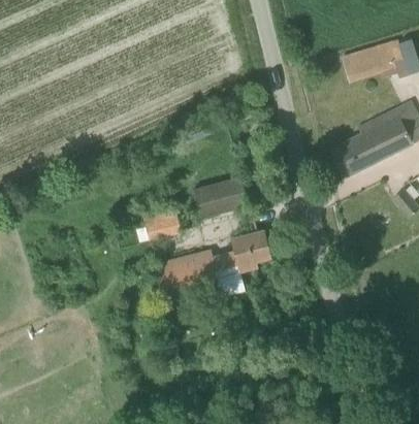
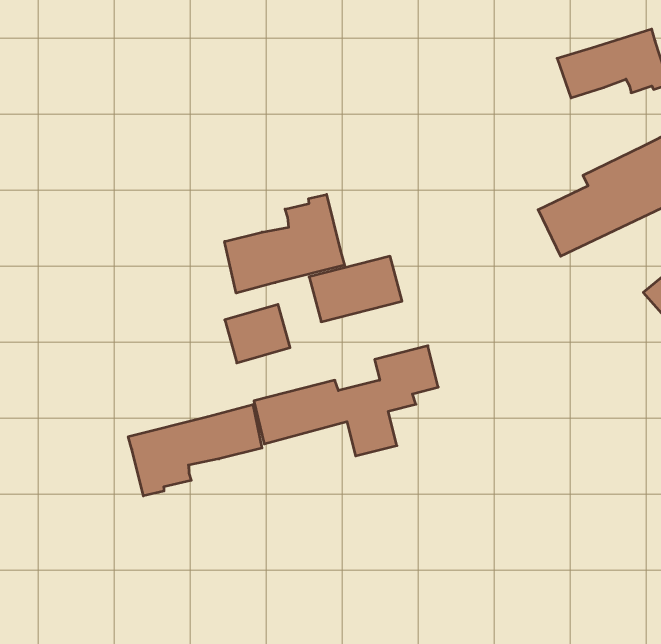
building: none -> [225,194,345,293]
building: none -> [128,405,262,496]

